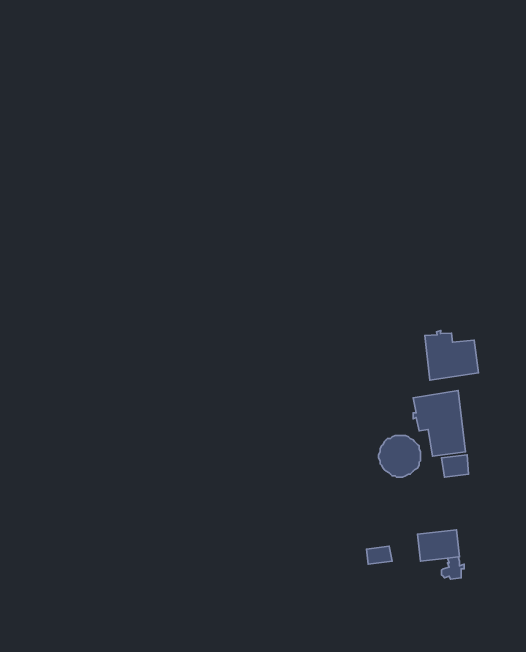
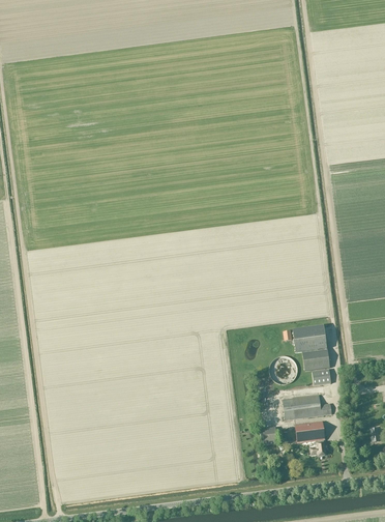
building: [425,330,479,380] -> none
building: none -> [283,393,332,418]

